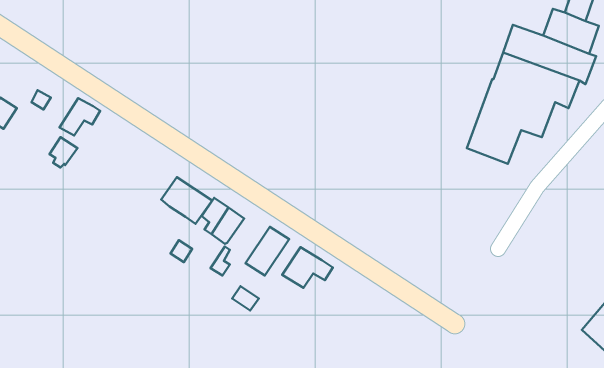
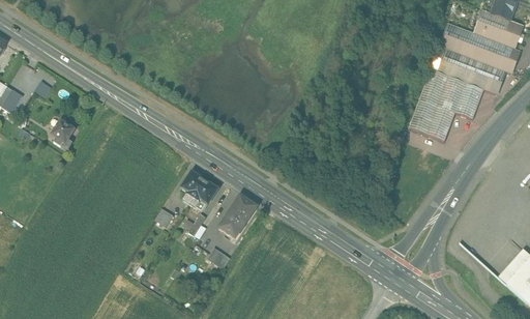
building: [59,98,100,135] -> none
building: [161,177,212,224] -> none
building: [282,247,333,288] -> none

